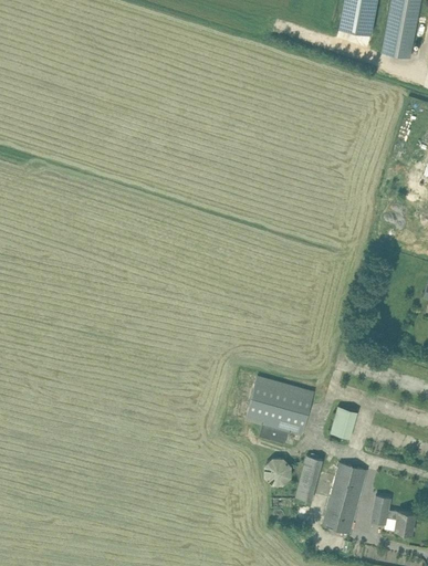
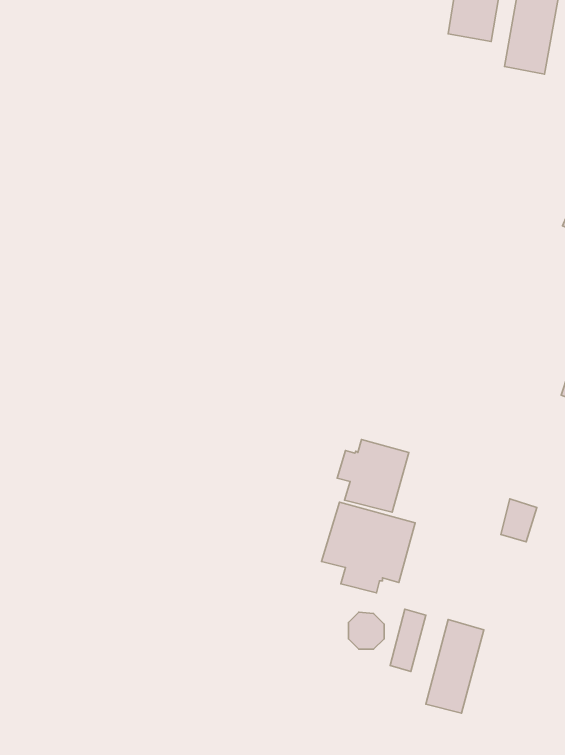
building: none -> [337,439,409,512]
building: [331,406,357,438] -> [501,499,537,542]
building: [372,495,415,534] -> none

